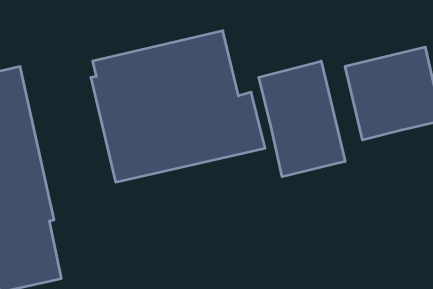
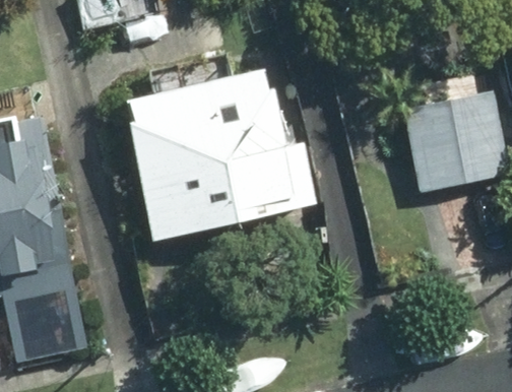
building: [259,61,345,177] -> none

